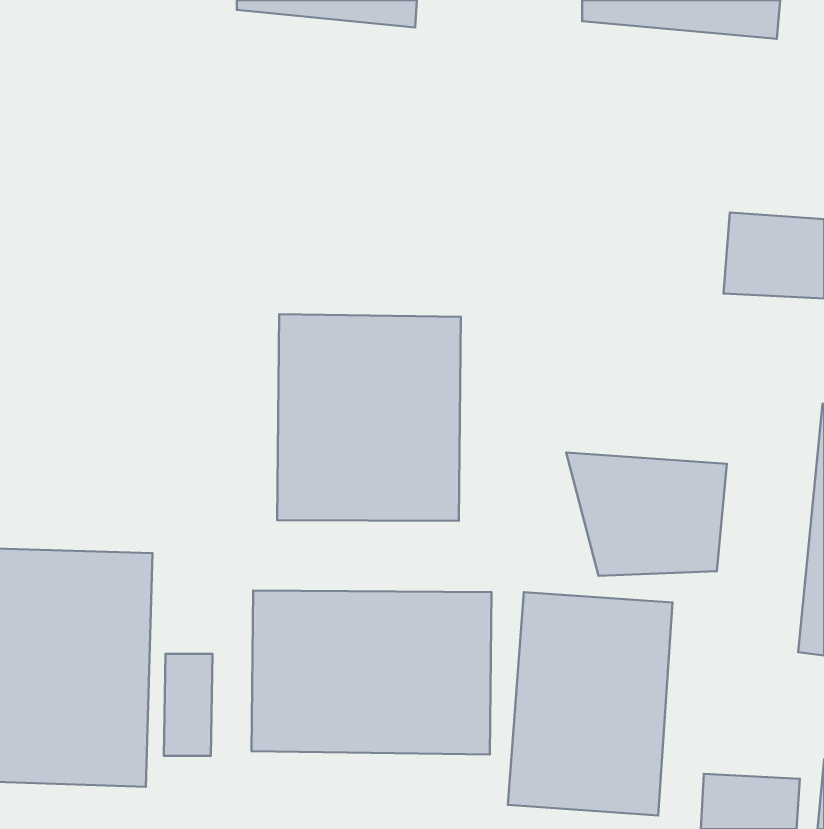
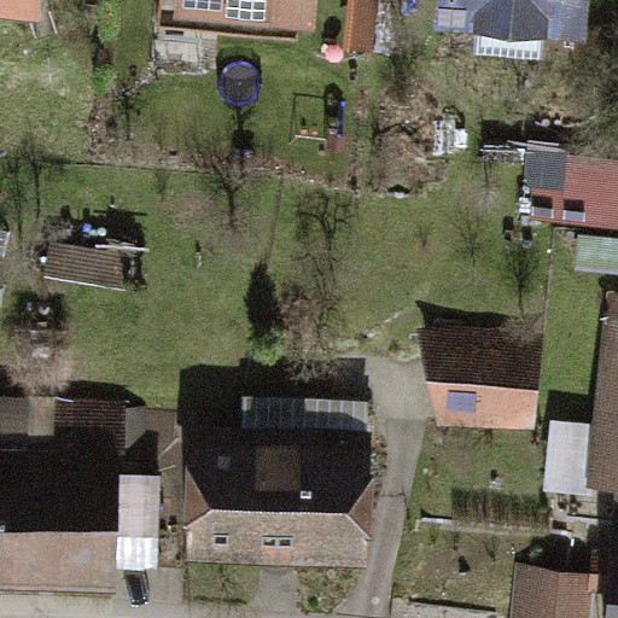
building: [277,314,461,521] -> none
building: [508,592,673,815] -> none

